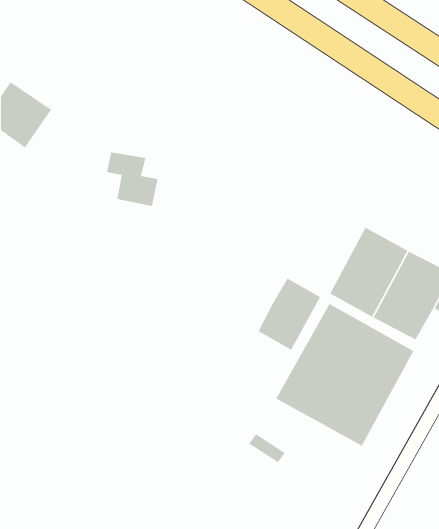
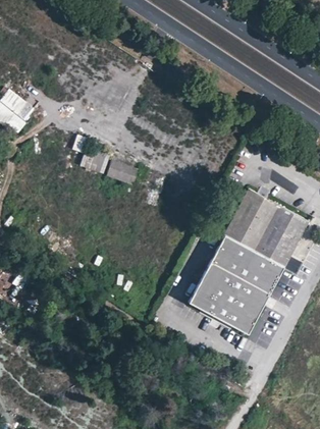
building: none -> [105,159,138,184]
building: [258,278,321,351] -> none

